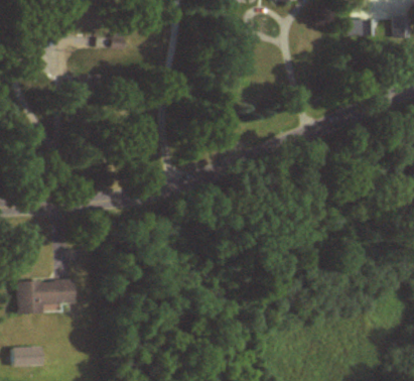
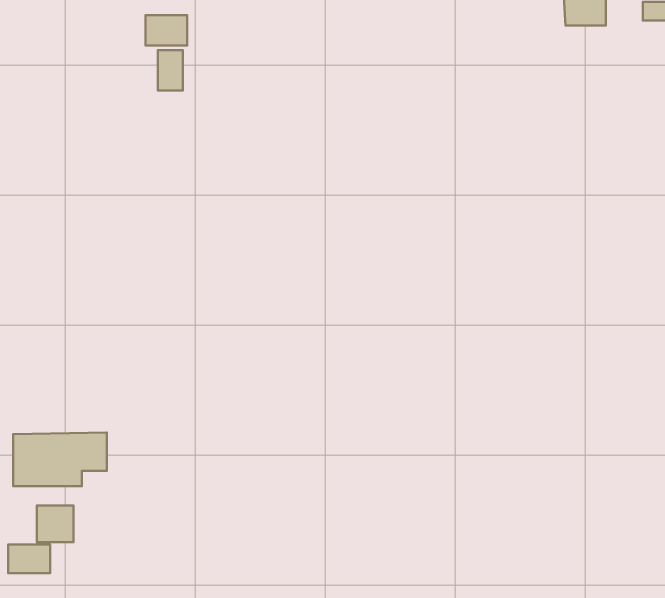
building: none -> [158,50,183,91]
building: none -> [37,505,73,542]

